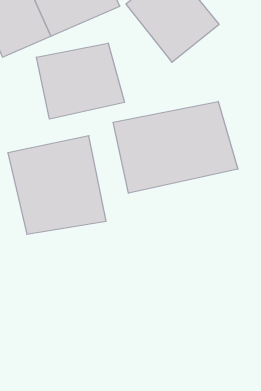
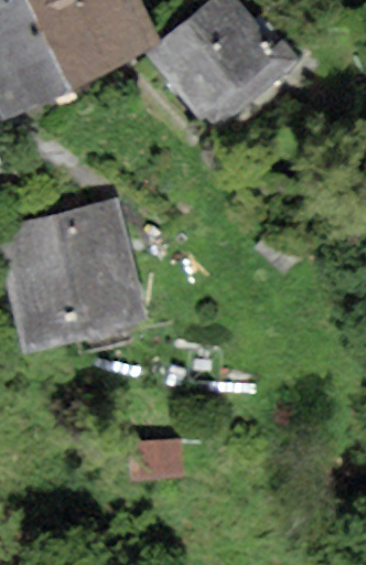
building: [36,43,124,119] -> none
building: [113,101,238,193] -> none

